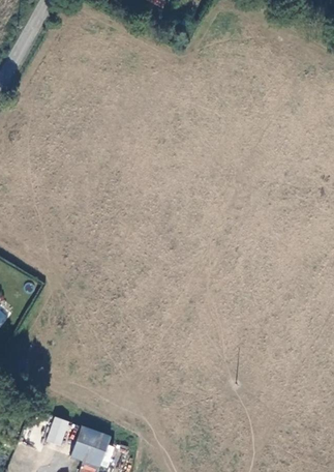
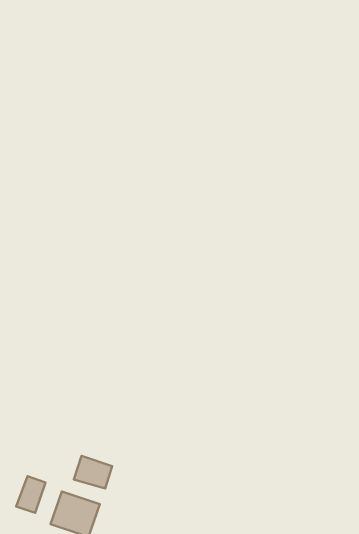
building: none -> [74,456,112,488]

